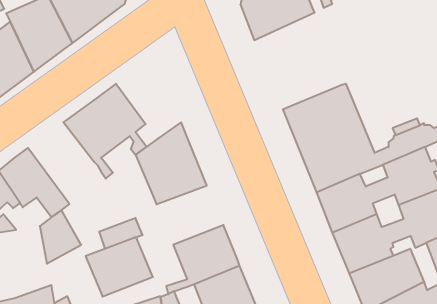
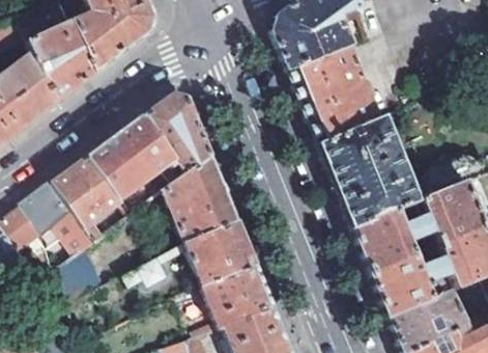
building: none -> [288,38,380,140]
building: none -> [143,92,211,170]
building: none -> [51,154,123,241]
building: [86,237,153,297] -> [185,220,256,282]

